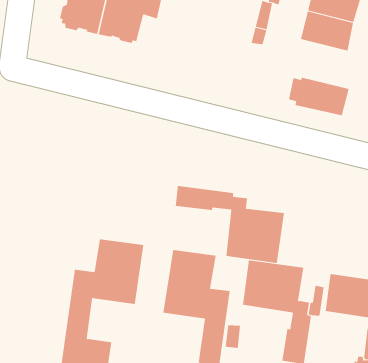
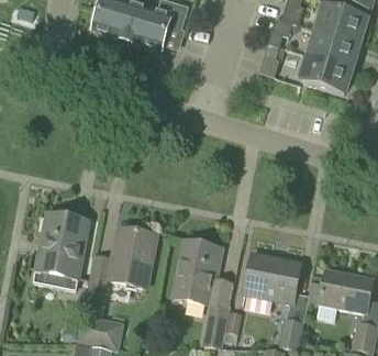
building: [288,77,349,116] -> [297,55,353,92]
building: [175,185,284,264] -> none
building: none -> [33,212,90,291]

